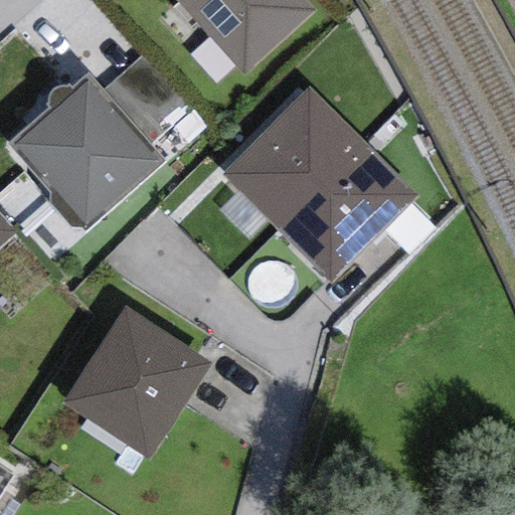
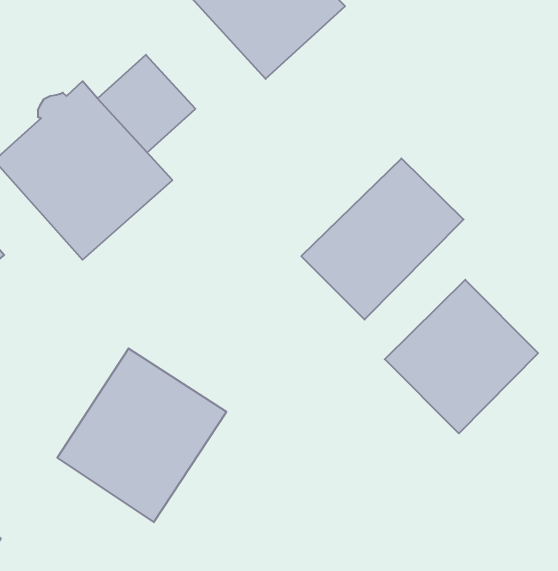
building: [223,89,363,226] -> none
building: none -> [385,280,538,433]

